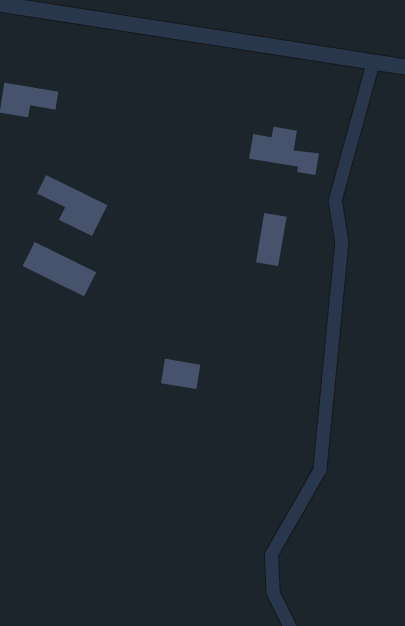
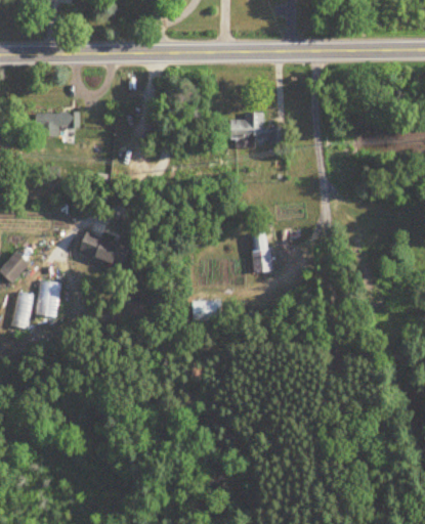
building: [36,174,108,237] -> none
building: [255,212,287,267] -> [252,232,270,271]

